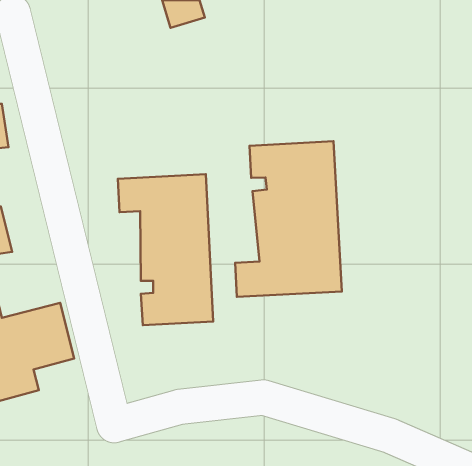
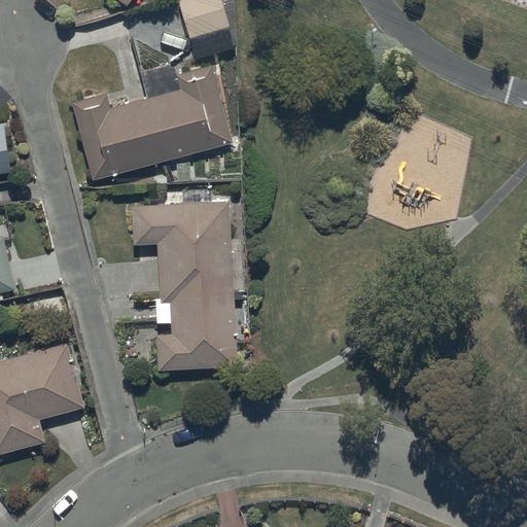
building: none -> [73,65,231,180]
building: [235,141,342,297] -> none

